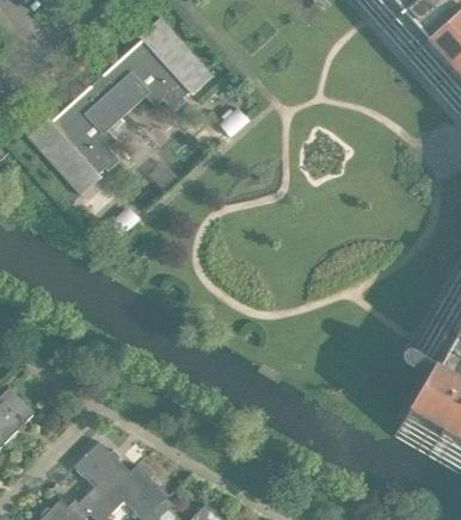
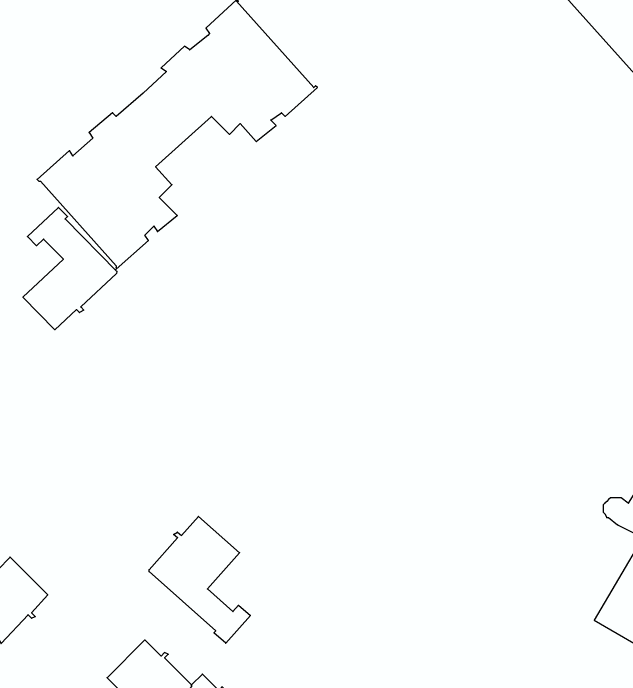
building: none -> [23,207,117,330]
building: none -> [149,516,250,643]

